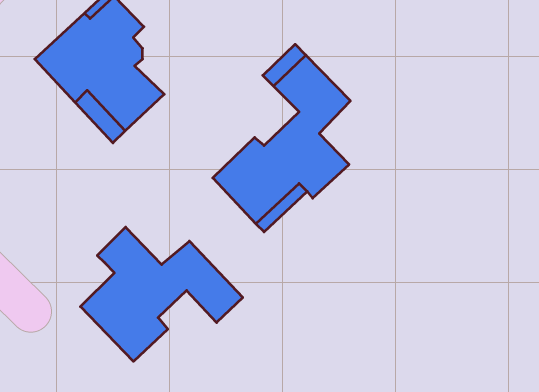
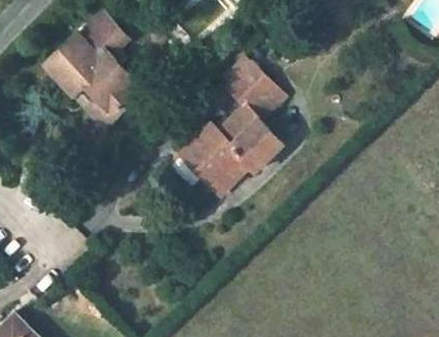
building: [80,227,243,361] -> none

